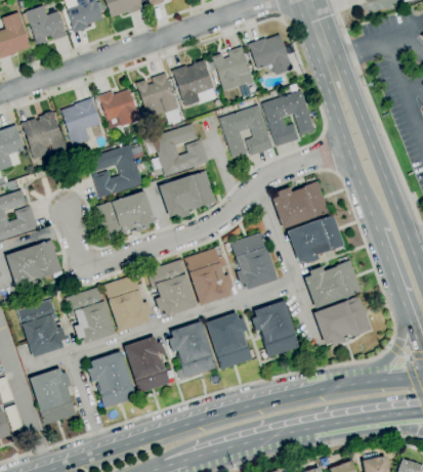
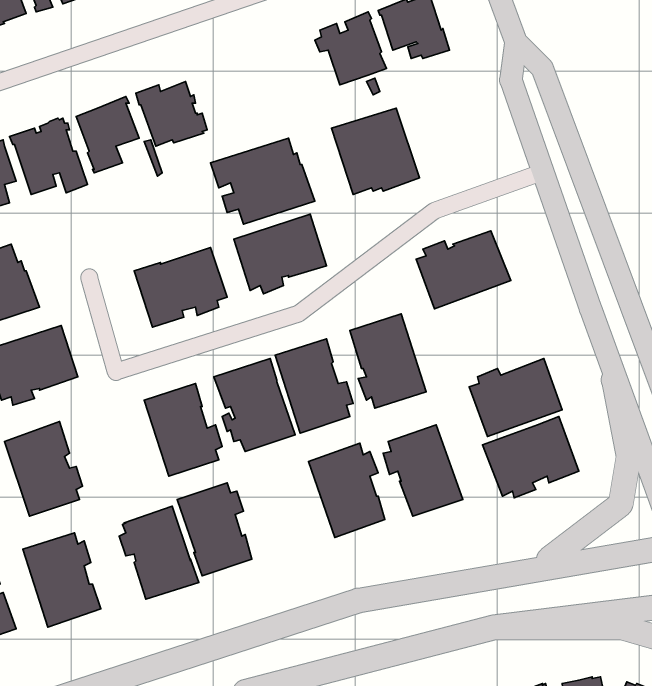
building: [172,58,216,105] -> none
building: [136,72,178,118] -> none
building: [262,89,315,146] -> none
building: [89,142,144,198] -> none
building: [288,214,345,263] -> none
building: [66,286,116,343] -> none
building: [168,320,216,378] -> none

